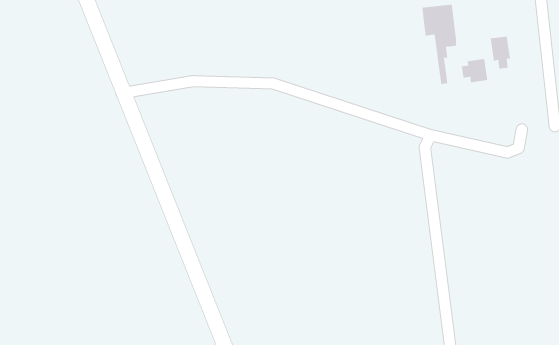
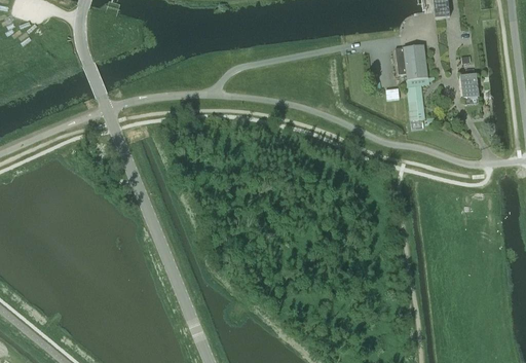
building: [461,58,488,83] -> none

